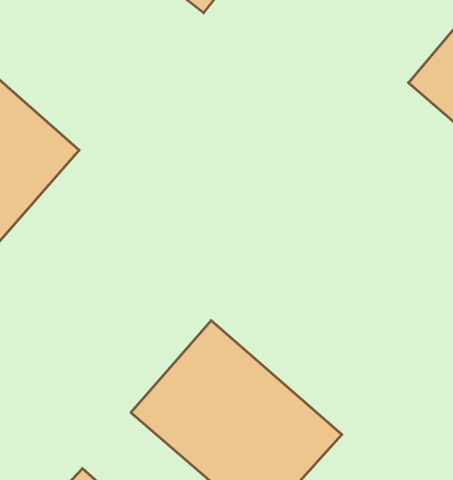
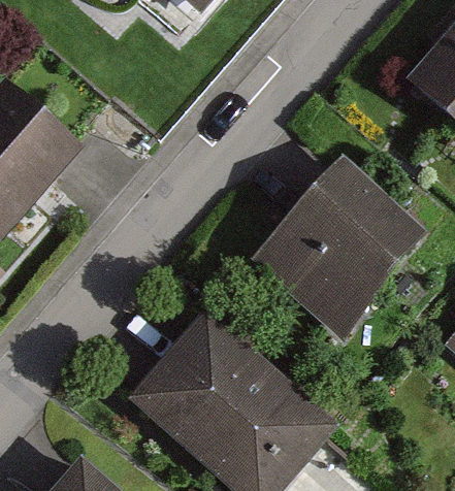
building: none -> [256,159,423,327]

